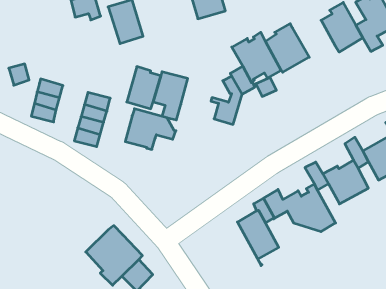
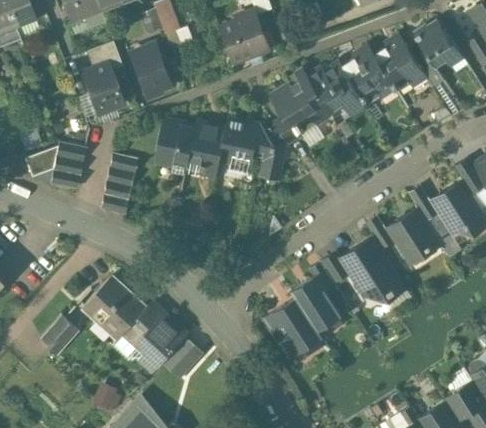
building: none -> [81,64,123,114]
building: none -> [341,50,391,101]
building: none -> [23,147,56,177]
building: [125,109,176,149] -> [219,123,276,168]
building: none -> [82,278,145,337]
building: none -> [262,291,322,361]
building: none -> [39,314,73,350]

